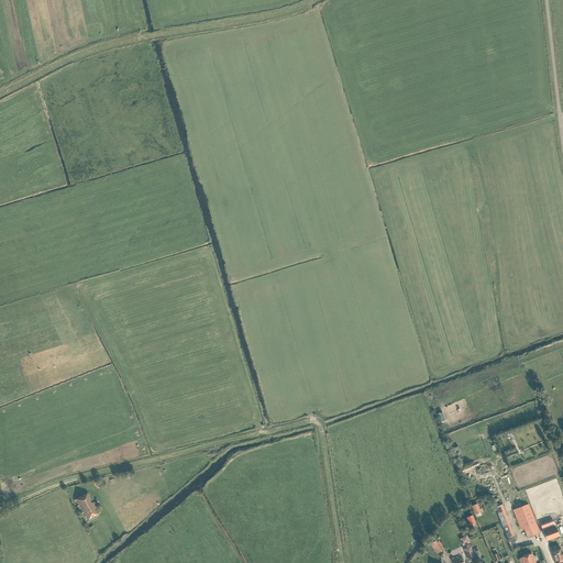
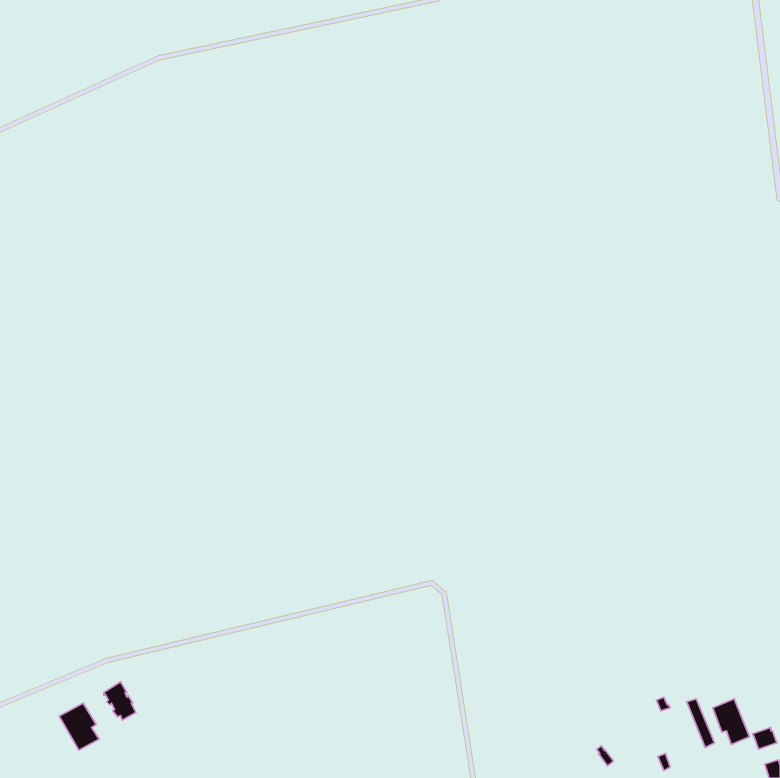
building: none -> [59,703,99,750]

